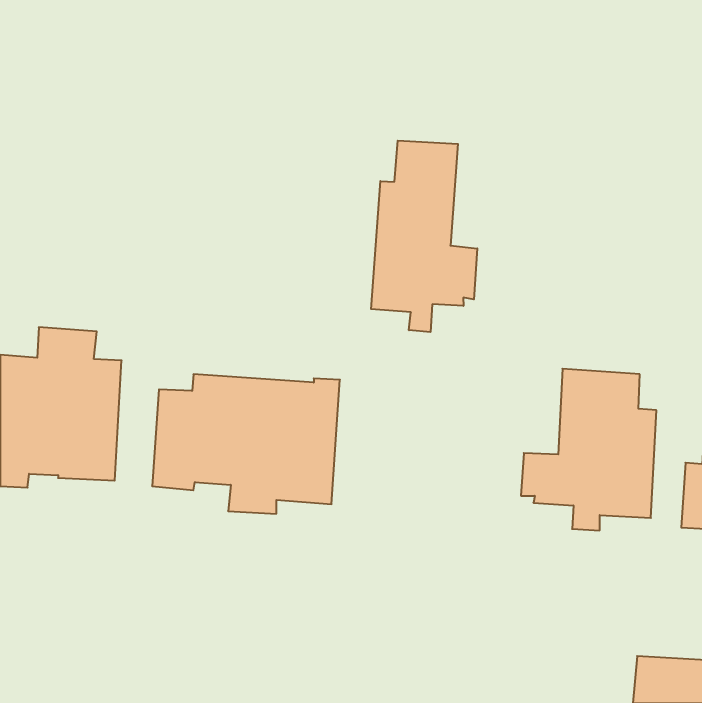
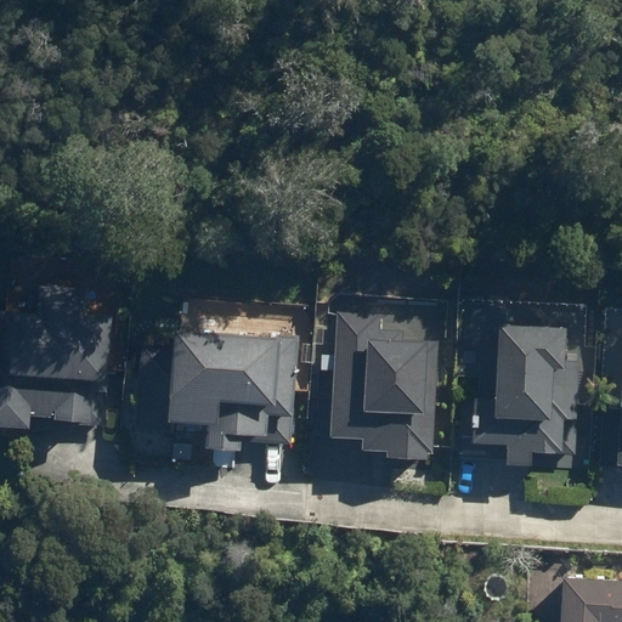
building: [371,141,477,332] -> none
building: none -> [317,310,441,460]

